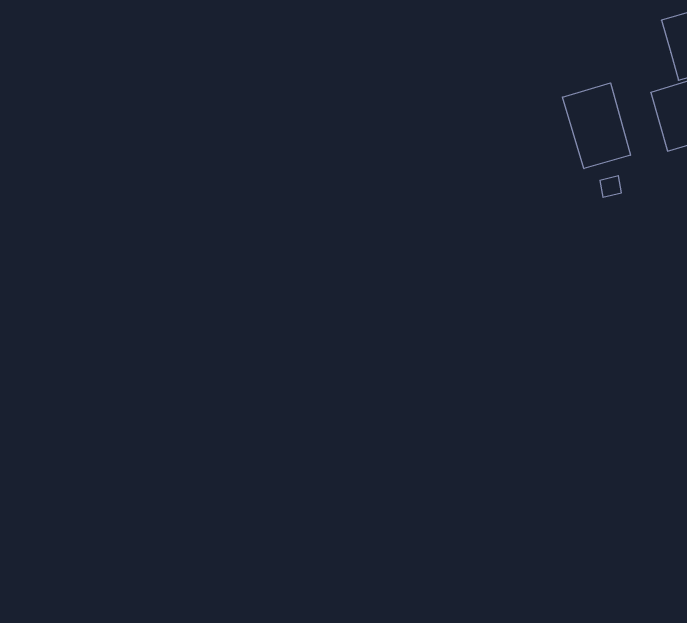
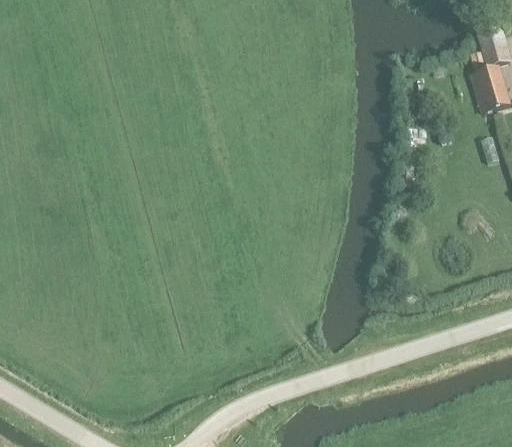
building: [562,83,630,169] -> none

